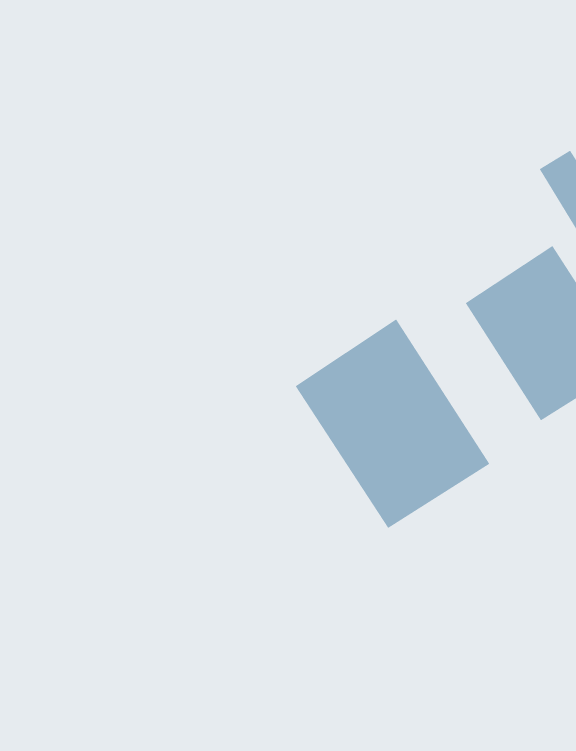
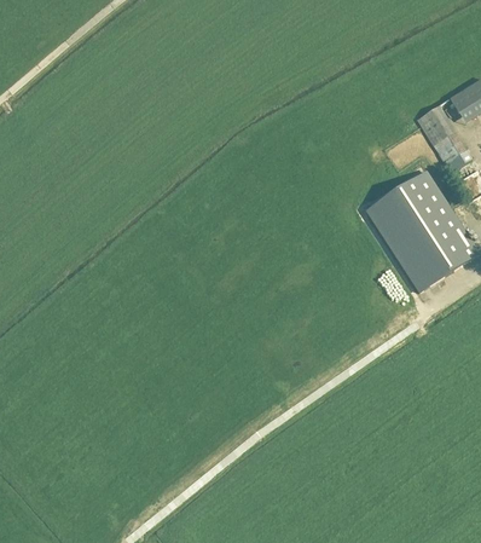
building: [295,318,490,529] -> none

